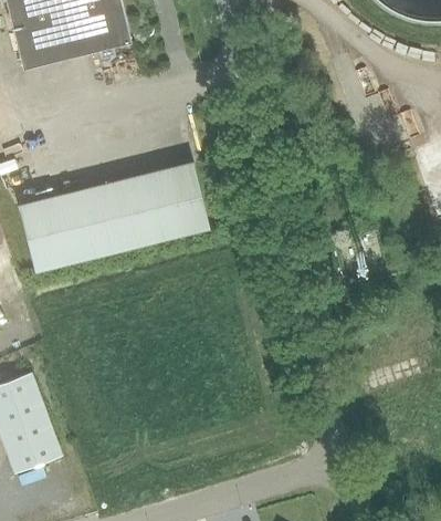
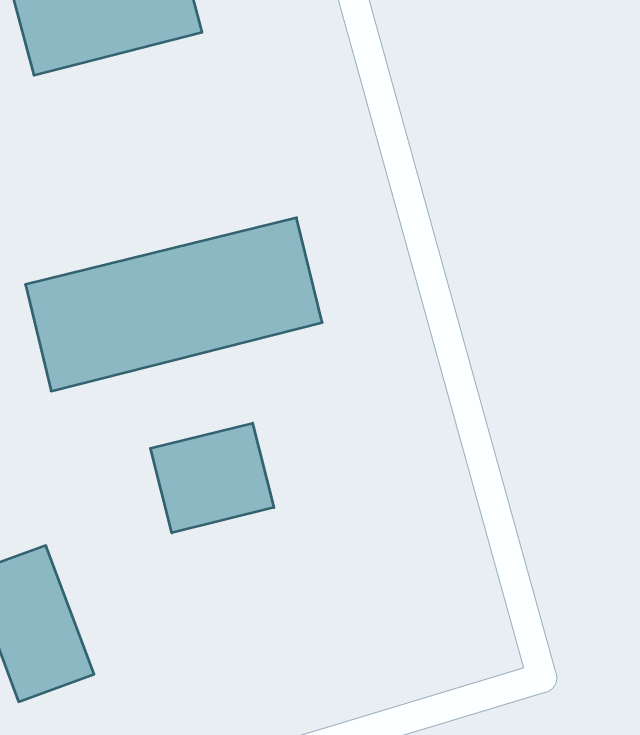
building: none -> [150,423,274,533]

